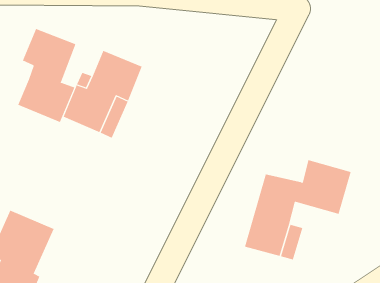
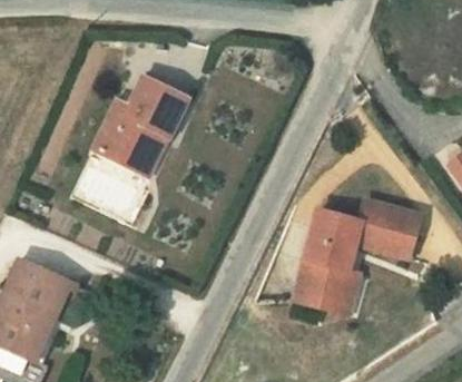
building: [18,28,76,123] -> none

